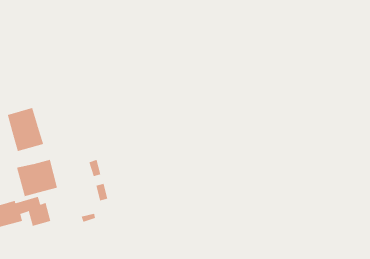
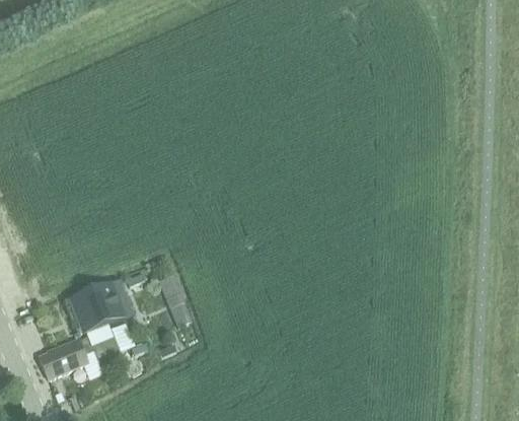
building: [7,107,44,152] -> none

